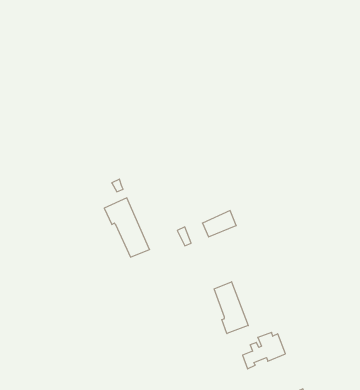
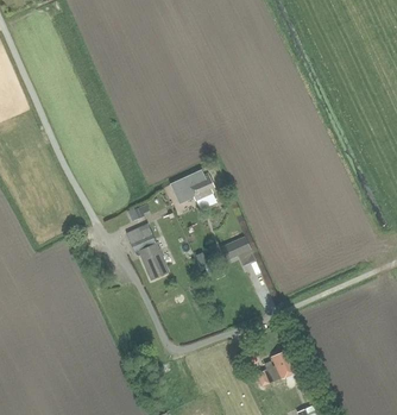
building: none -> [169,170,213,205]
building: [214,282,248,334] -> none

